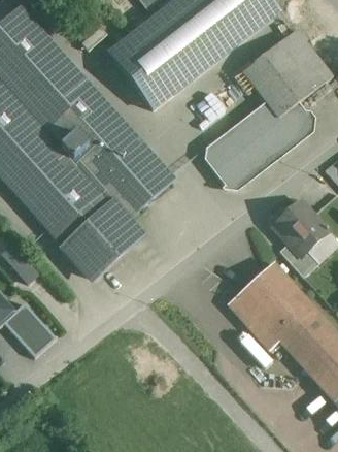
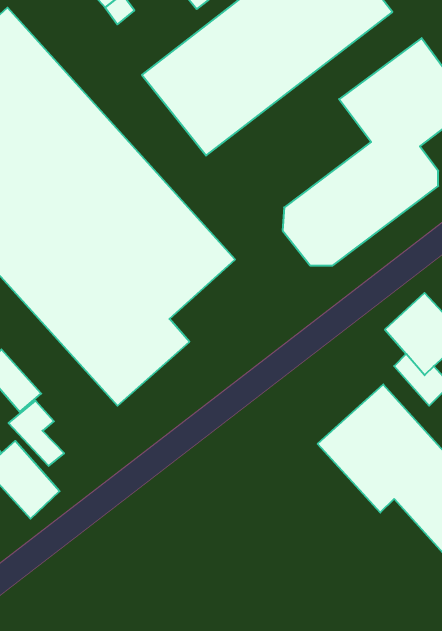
building: none -> [9,401,64,466]

